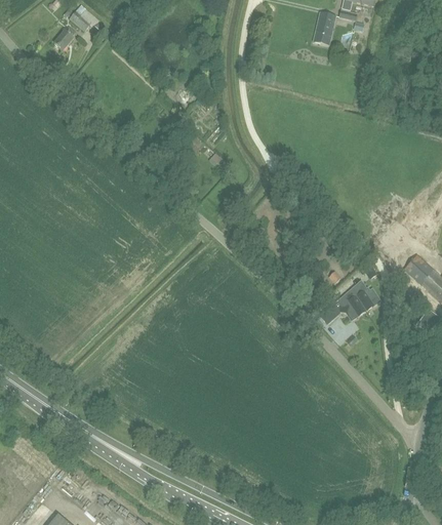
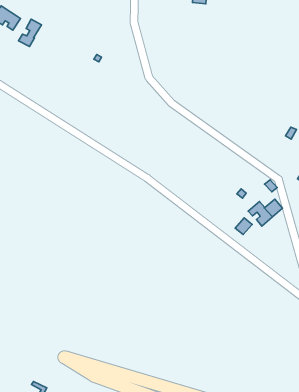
building: none -> [19,19,41,46]

